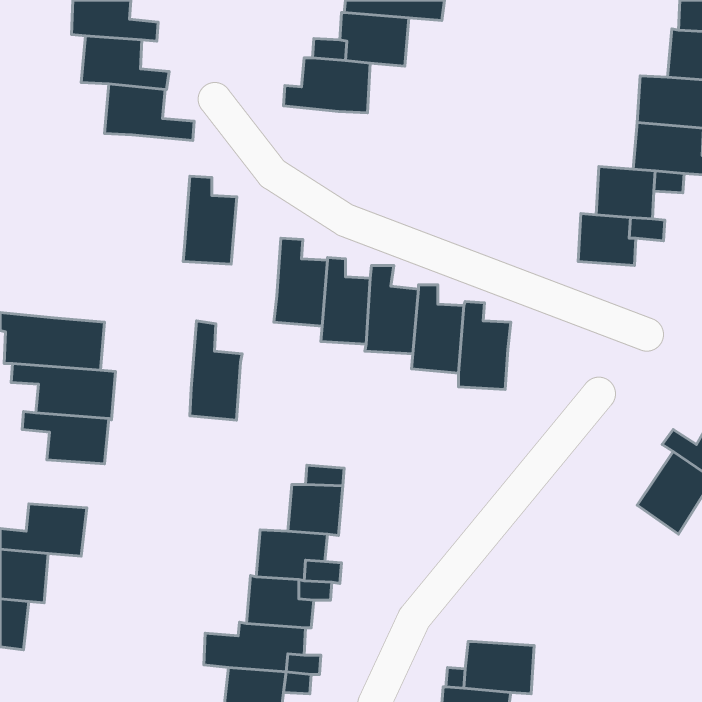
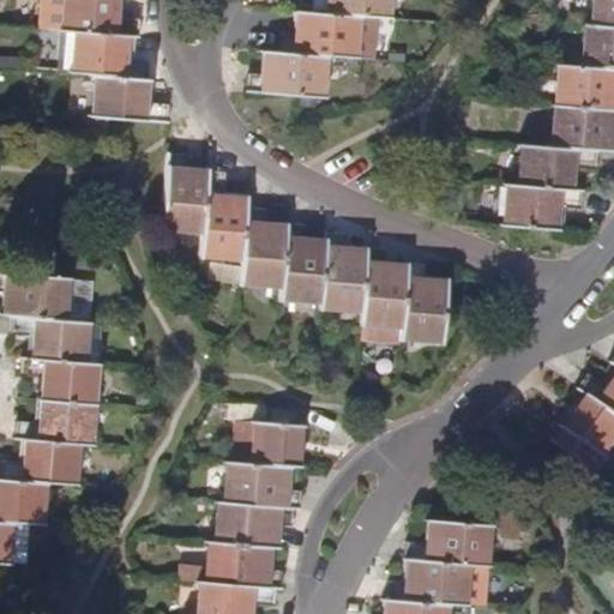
building: [190,321,242,420] -> [201,173,247,259]
building: none -> [16,402,92,445]
building: none -> [413,520,488,566]

